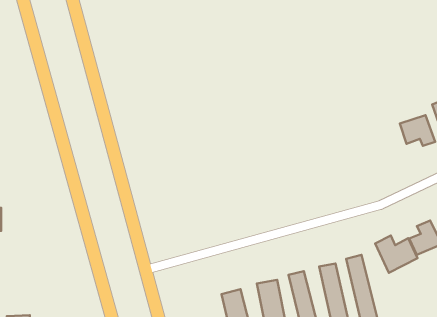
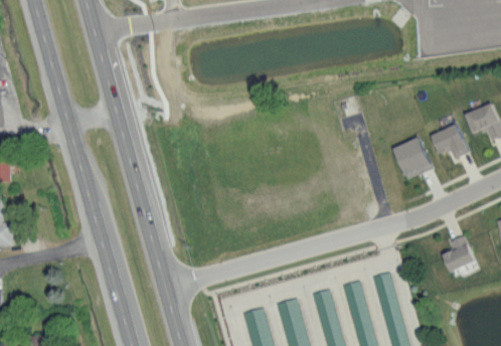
building: none -> [393,137,433,179]
building: [375,235,418,273] -> none

